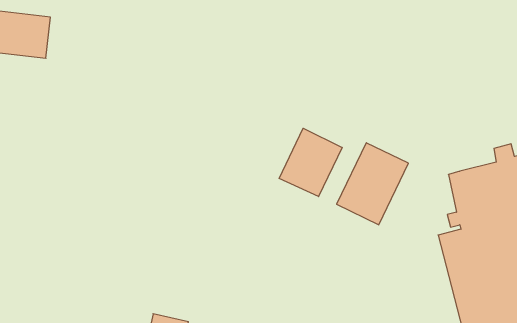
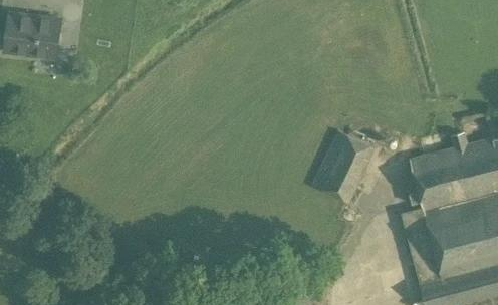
building: [279,128,342,197] -> none

